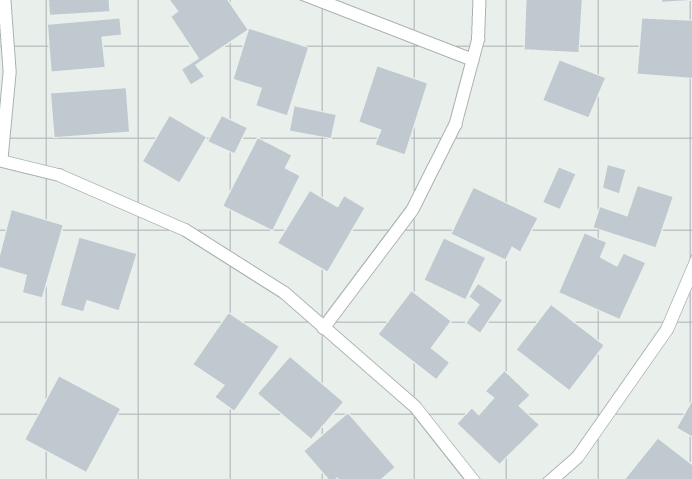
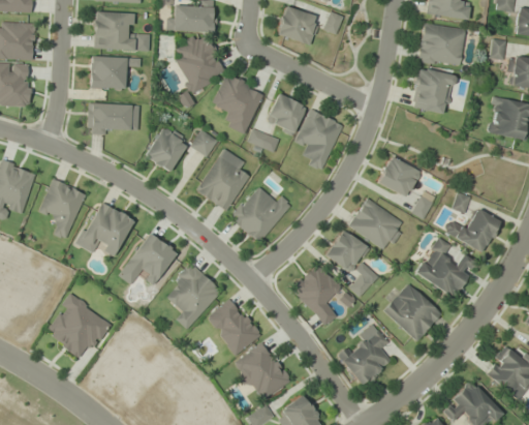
building: none -> [266,94,306,133]
building: [542,60,606,118] -> [376,156,421,198]
building: none -> [119,232,178,286]

